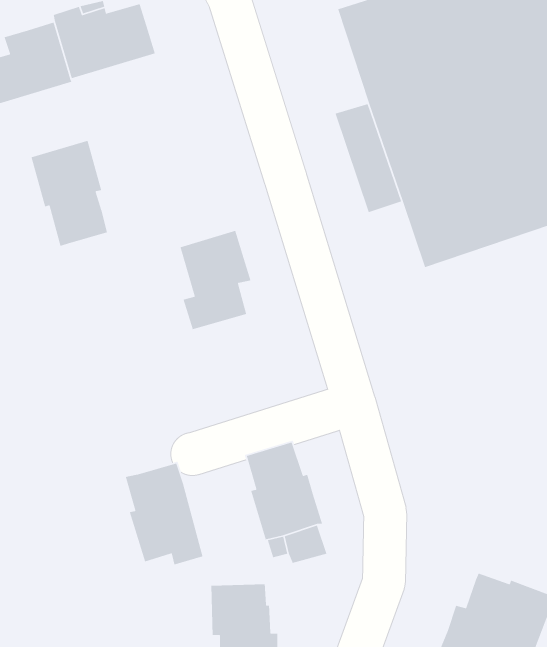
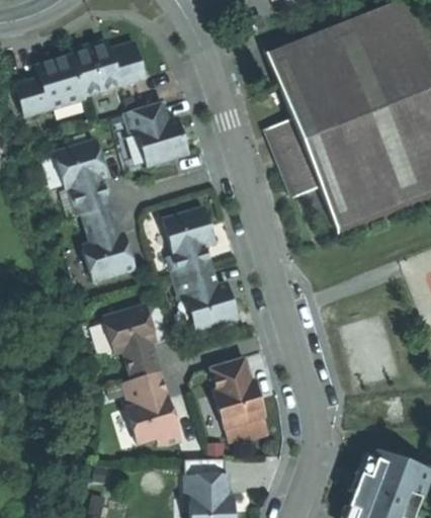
building: none -> [121,102,187,167]
building: none -> [81,207,134,281]
building: none -> [170,266,235,329]
building: none -> [102,306,159,380]

